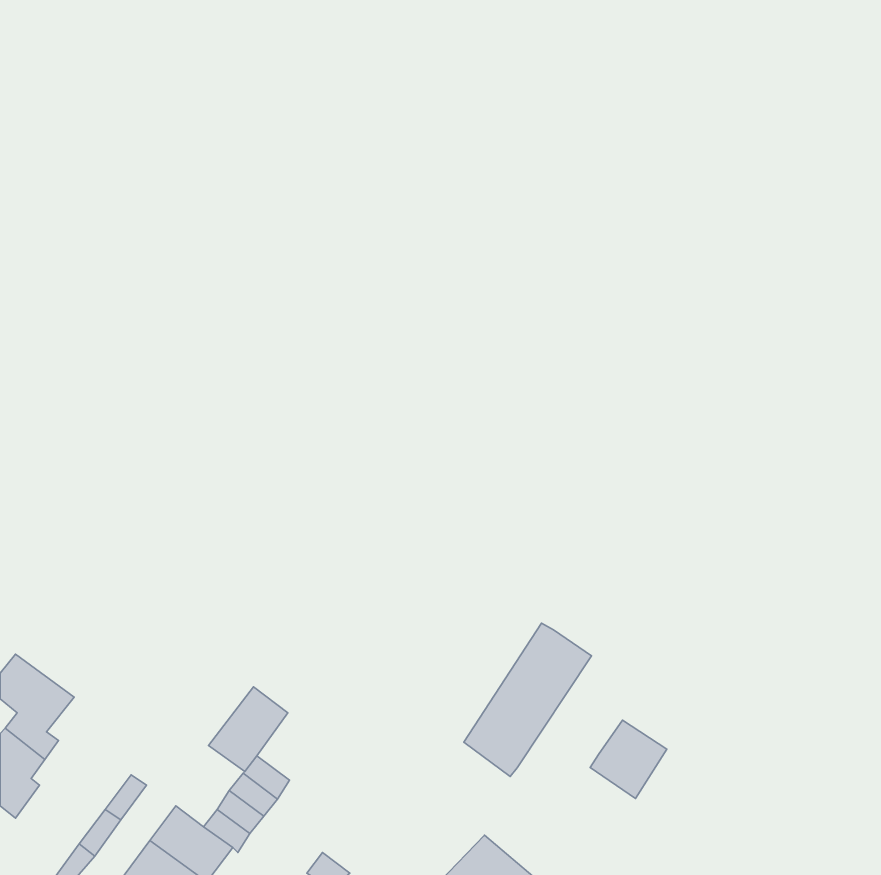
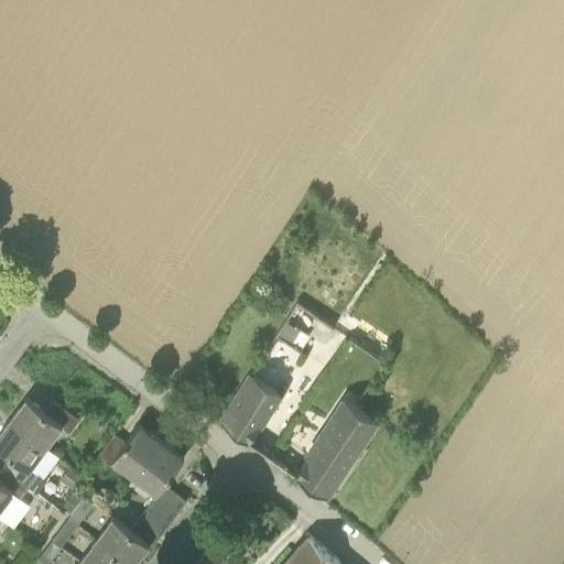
building: none -> [221,378,280,444]
building: none -> [10,401,78,449]
building: none -> [95,426,162,480]
building: [590,720,667,798] -> none

